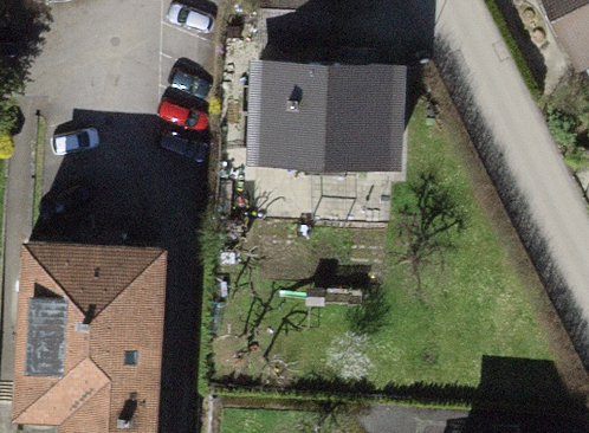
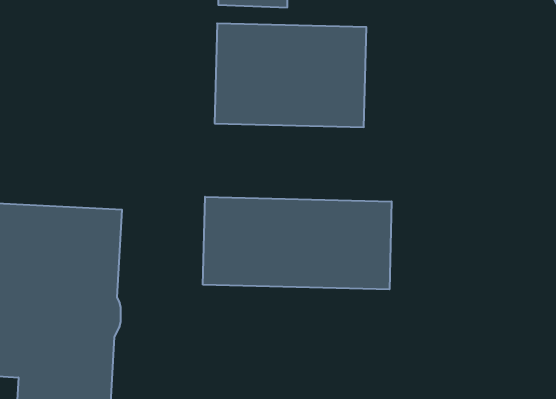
building: none -> [203,197,392,289]

